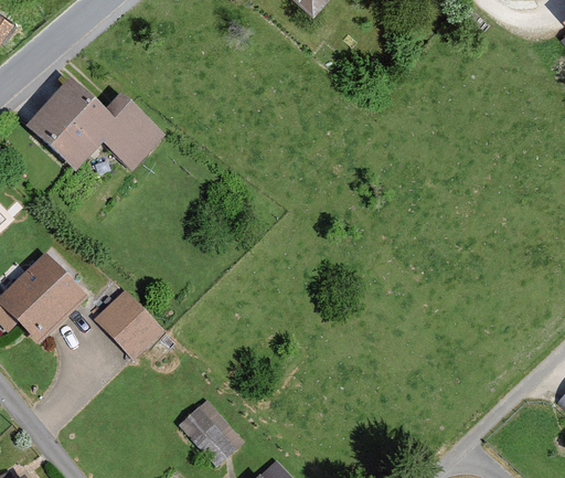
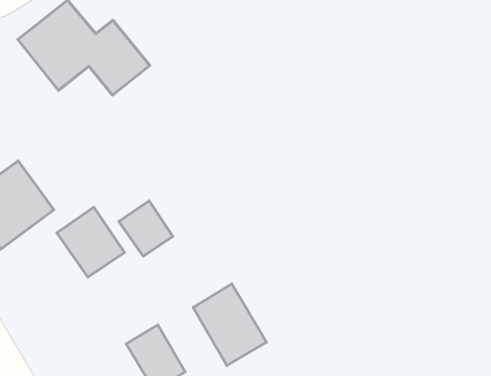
building: none -> [119,201,173,256]
building: none -> [193,284,267,365]

